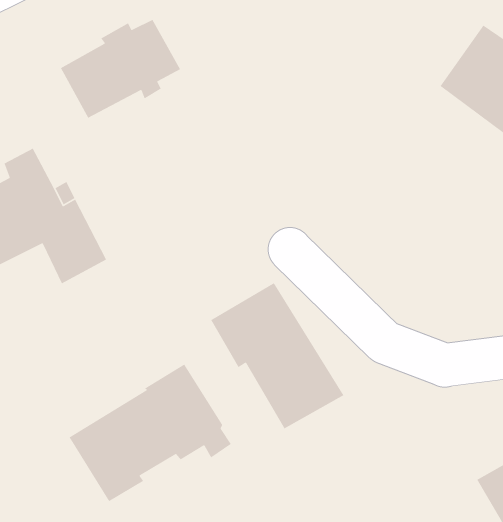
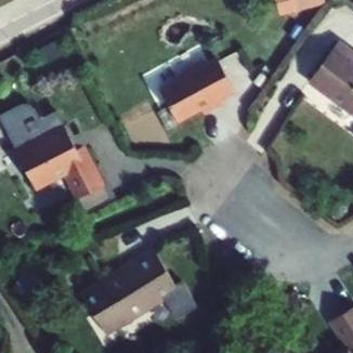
building: [60,19,181,119] -> [160,61,235,122]
building: [210,282,344,430] -> none

